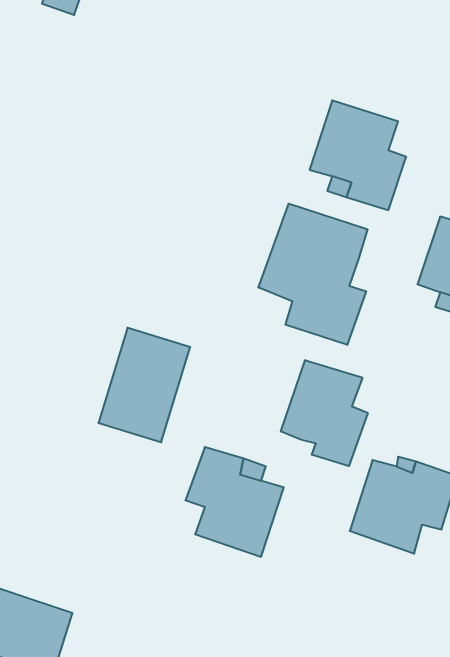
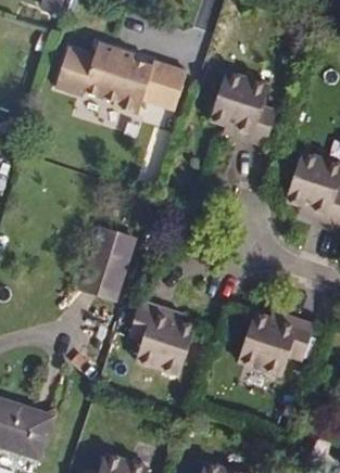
building: none -> [55,42,186,112]
building: [258,204,368,345] -> none
building: [281,360,368,466] -> none

